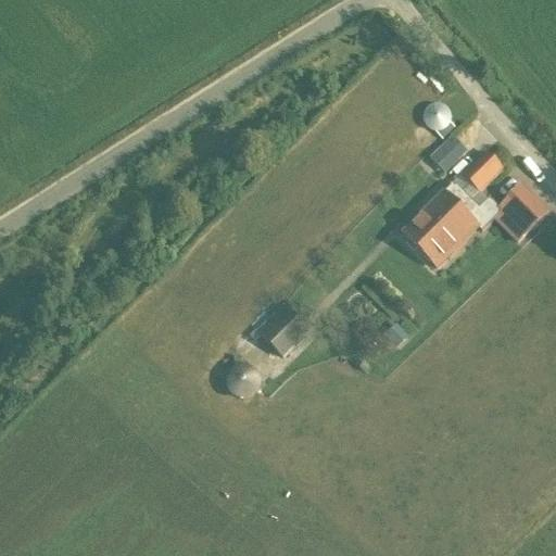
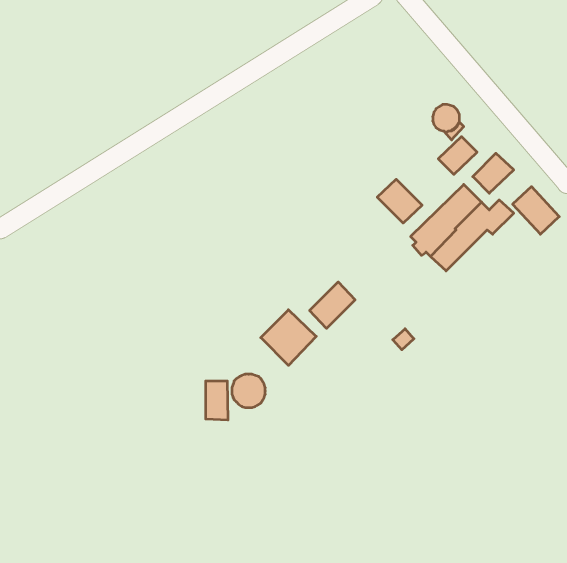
building: none -> [377,179,422,223]
building: none -> [310,282,355,328]
building: none -> [206,381,228,420]

